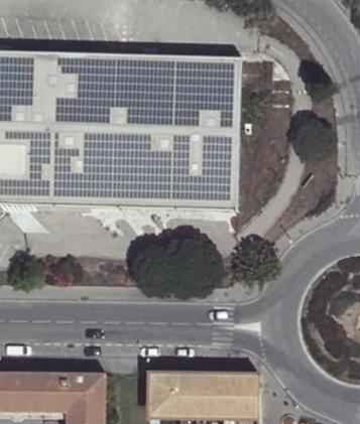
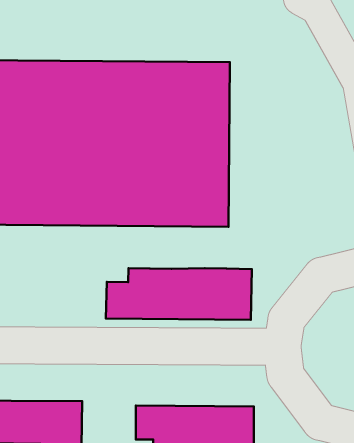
building: none -> [106,268,252,320]

